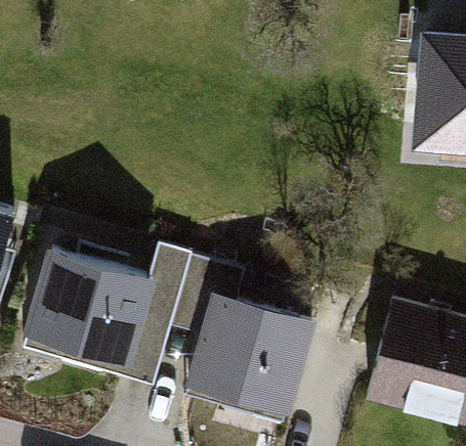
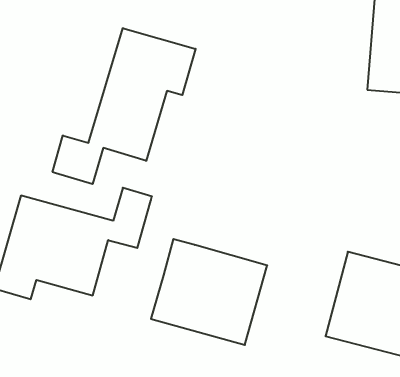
building: none -> [53,28,196,184]
building: [63,254,246,384] -> none

